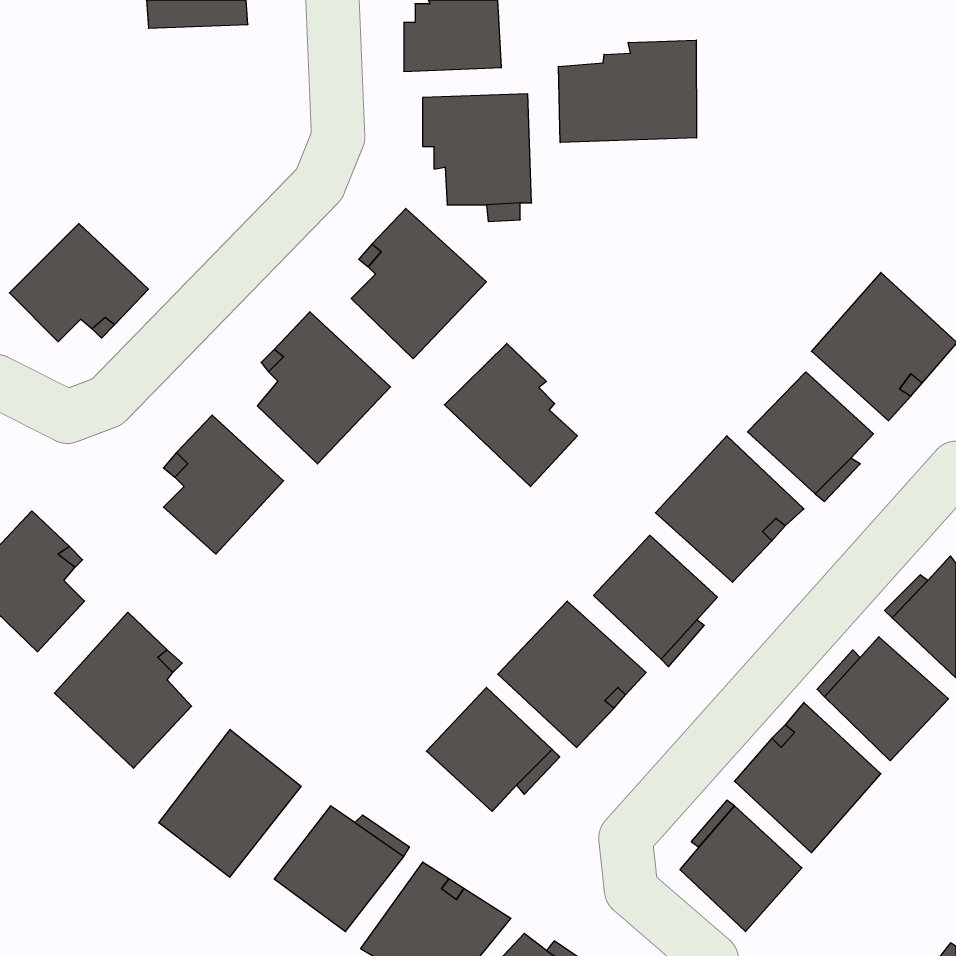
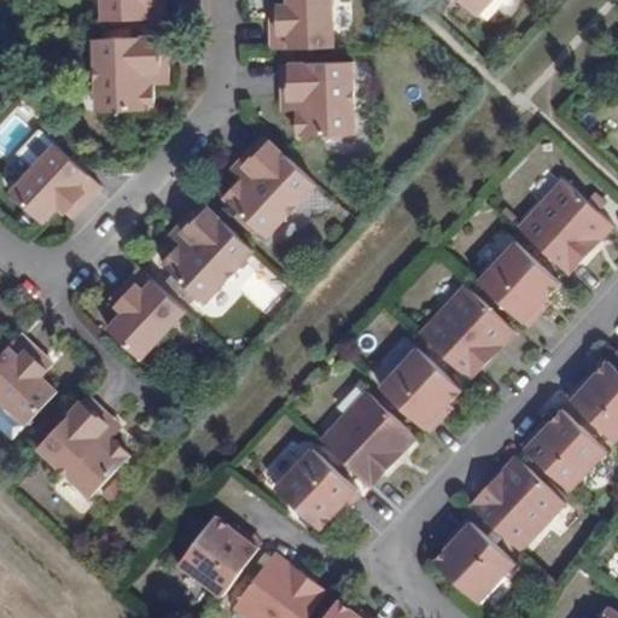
building: [558,40,696,143] -> none
building: none -> [92,35,165,109]
building: [444,343,577,487] -> none
building: [159,729,301,877] -> none

